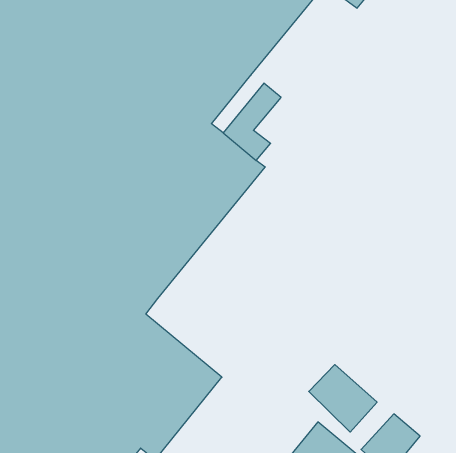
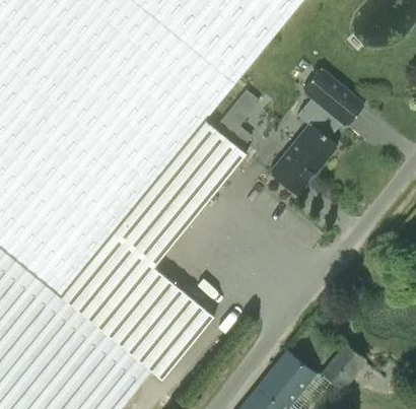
building: none -> [269,69,363,196]
building: [309,365,377,432] -> none

